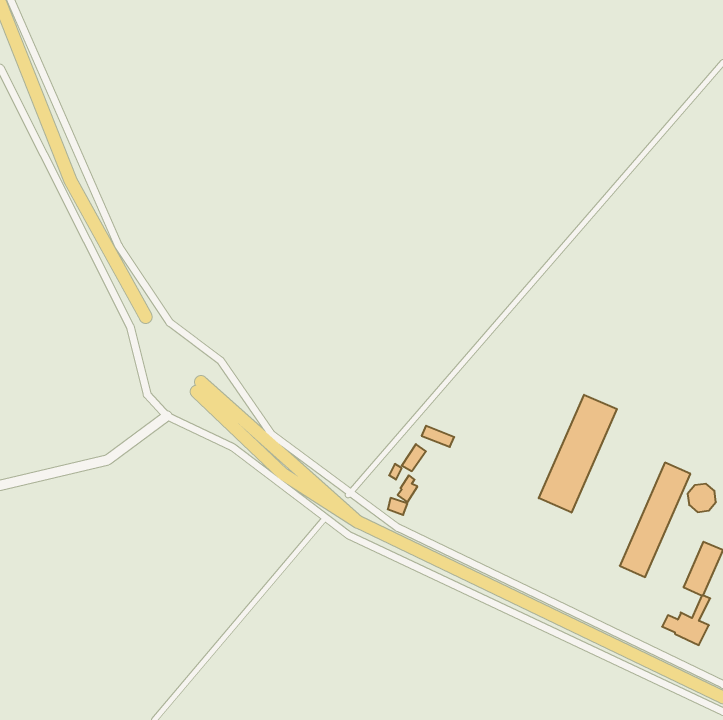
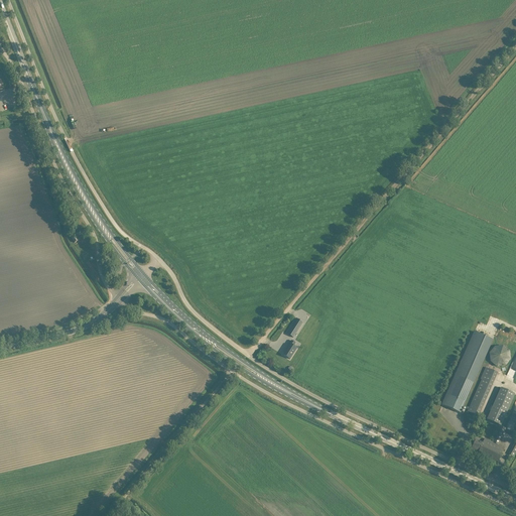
building: [539,395,617,513] -> none
building: none -> [467,366,498,415]

